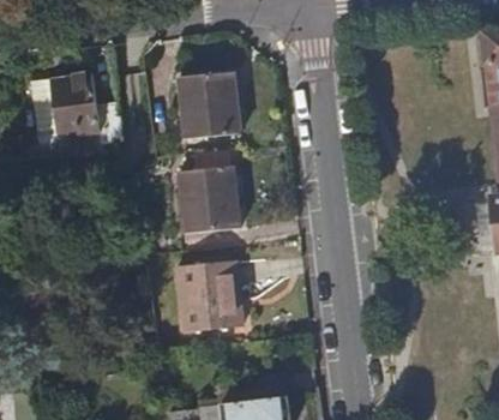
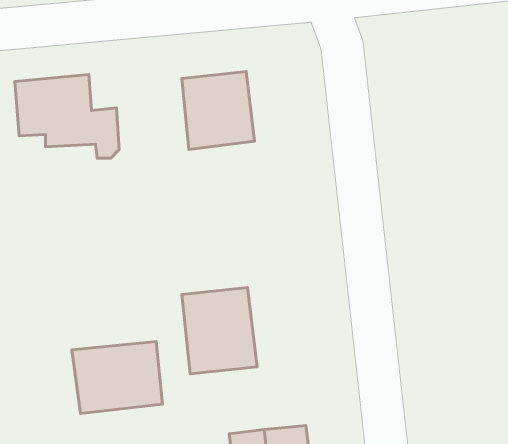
building: [176,166,239,234] -> none
building: none -> [72,341,163,413]

